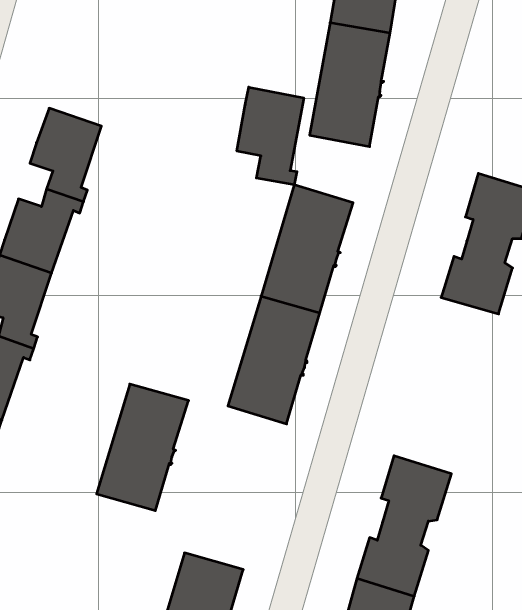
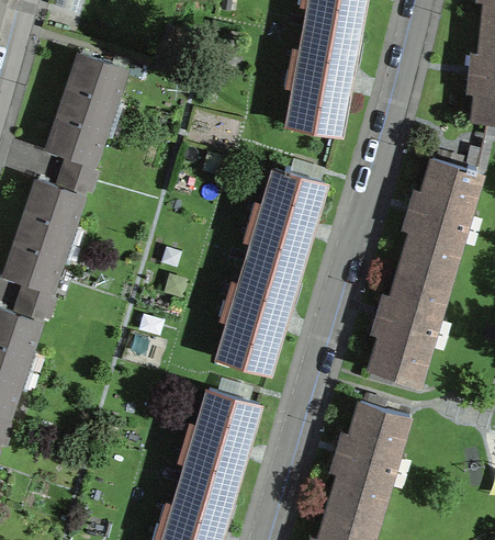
building: none -> [63,54,124,117]
building: [237,87,304,185] -> none
building: none -> [368,265,449,384]
building: [97,384,189,511] -> [179,390,258,498]

